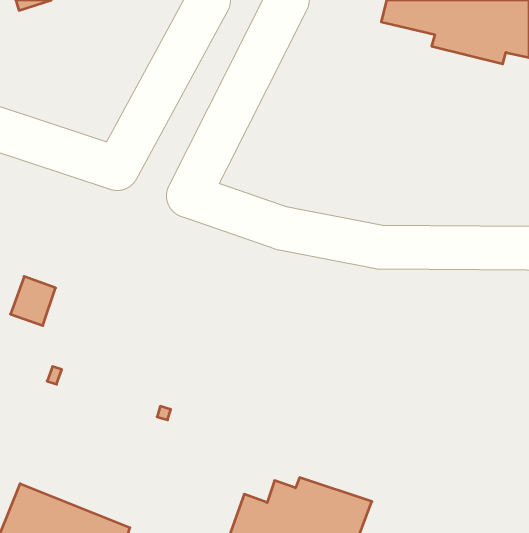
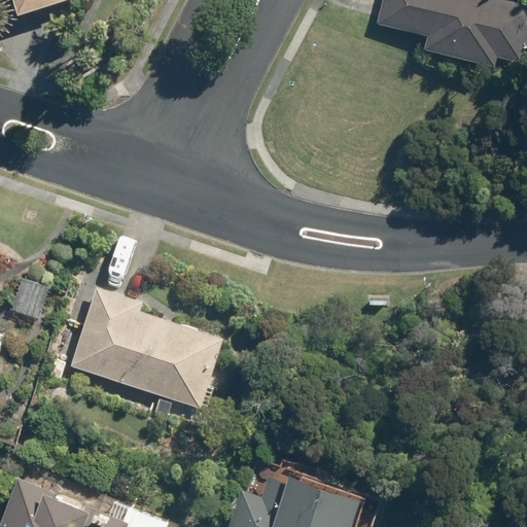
building: none -> [70,286,222,408]

